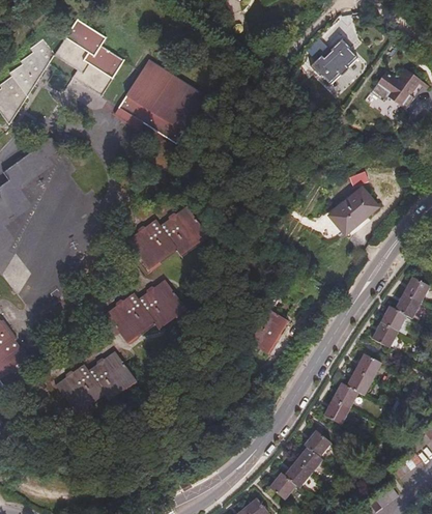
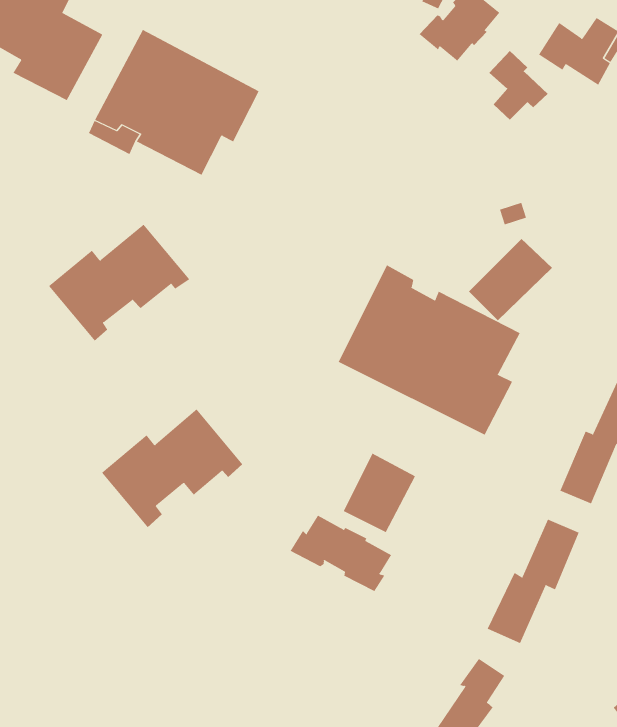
building: none -> [488,50,549,120]
building: none -> [338,265,520,436]
building: [127,205,209,270] -> [48,224,190,342]
building: none -> [290,515,392,592]
building: [54,348,136,415] -> none

